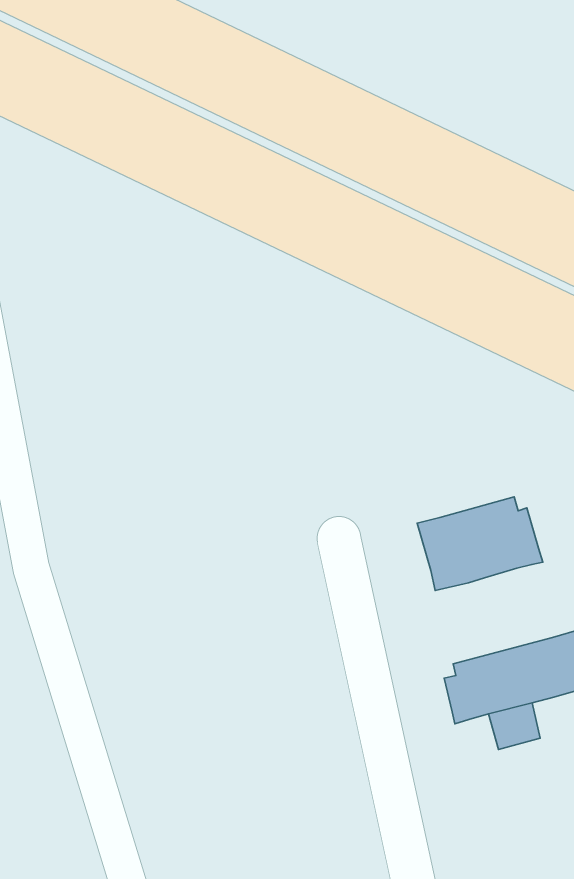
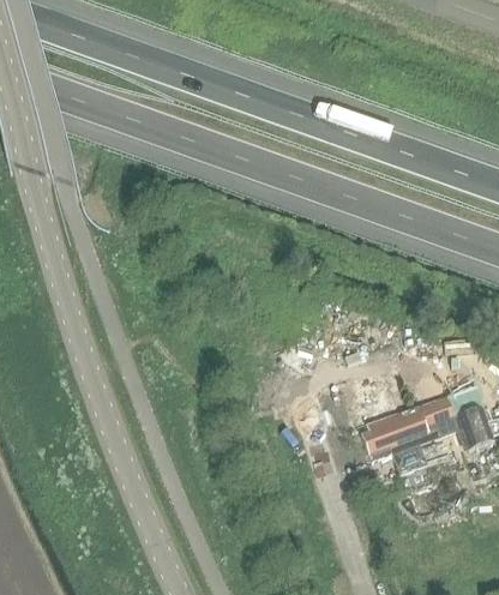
building: [417,497,543,591] -> none

